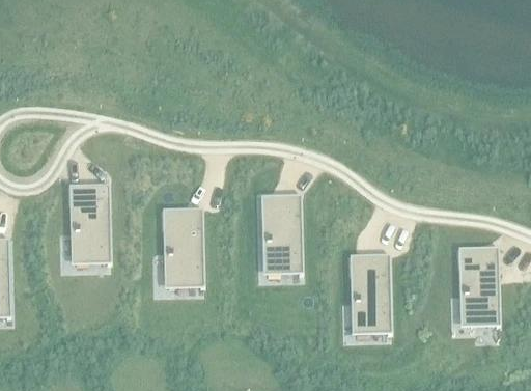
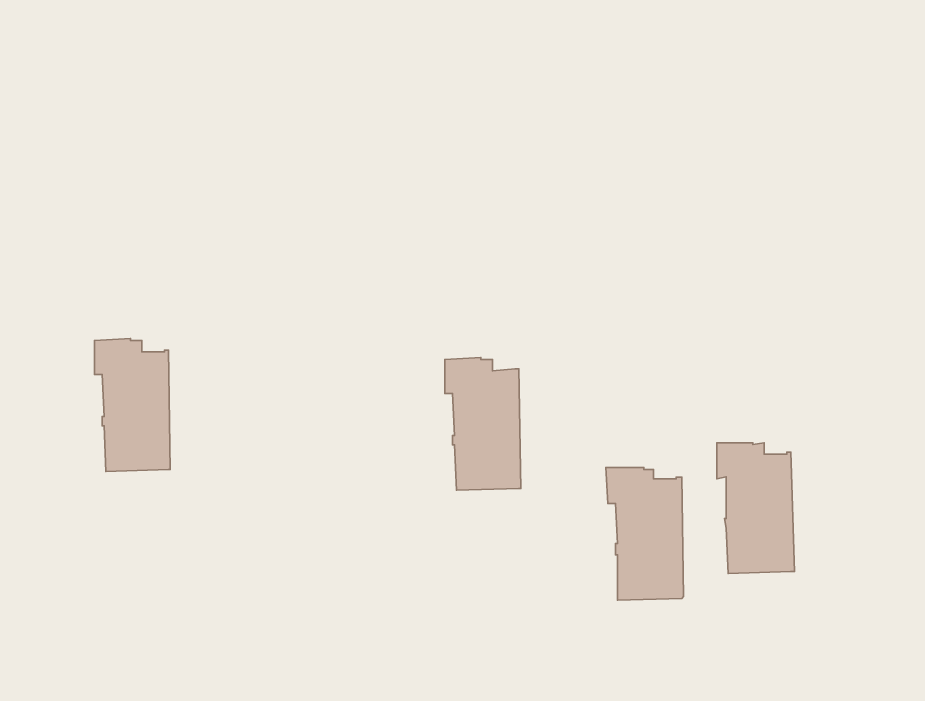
building: [160,212,201,284] -> none
building: [455,251,498,323] -> [717,443,794,574]

